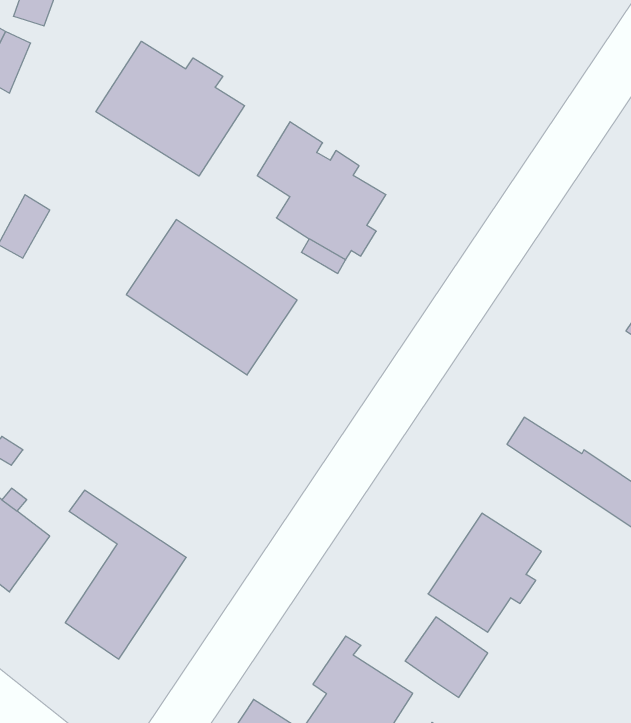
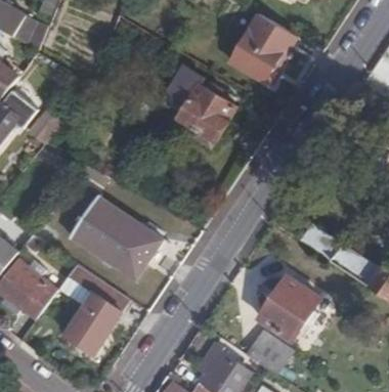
building: none -> [228,14,296,83]
building: [96,41,245,176] -> none
building: [126,220,297,375] -> [70,197,161,279]

